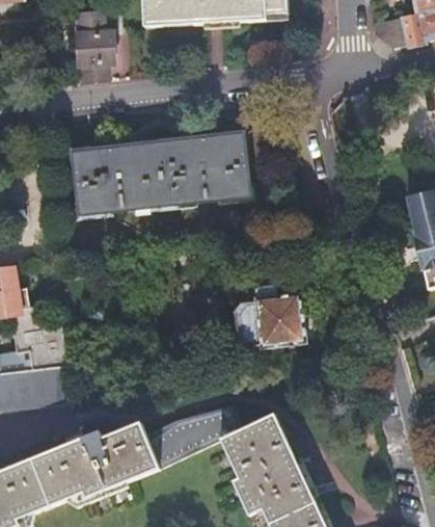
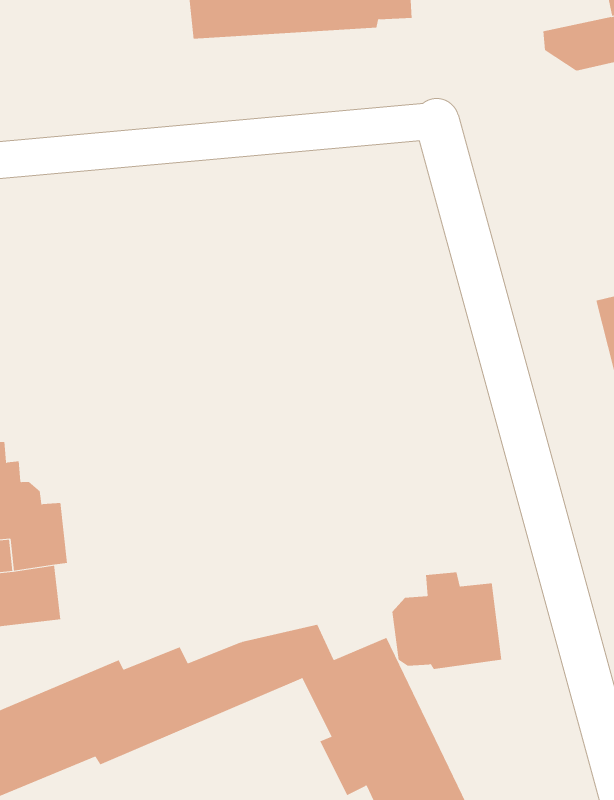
building: [74,17,112,82] -> none
building: [73,132,249,214] -> none
building: [230,287,302,350] -> [392,572,502,669]

